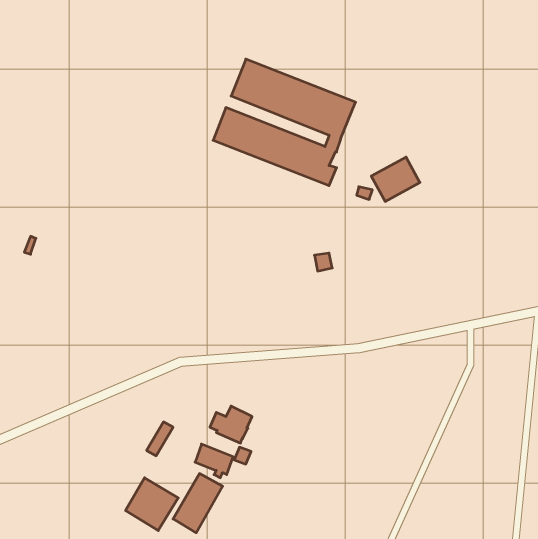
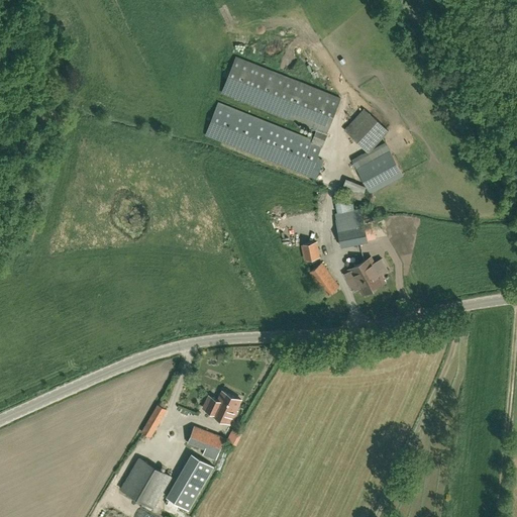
building: none -> [351,116,389,153]
building: none -> [333,199,367,246]
building: none -> [347,256,384,294]
building: none -> [306,261,337,295]

